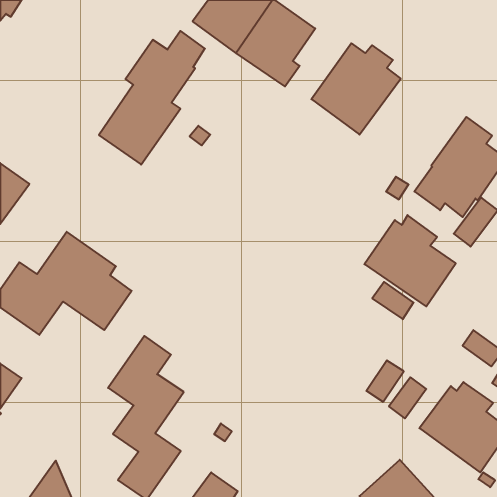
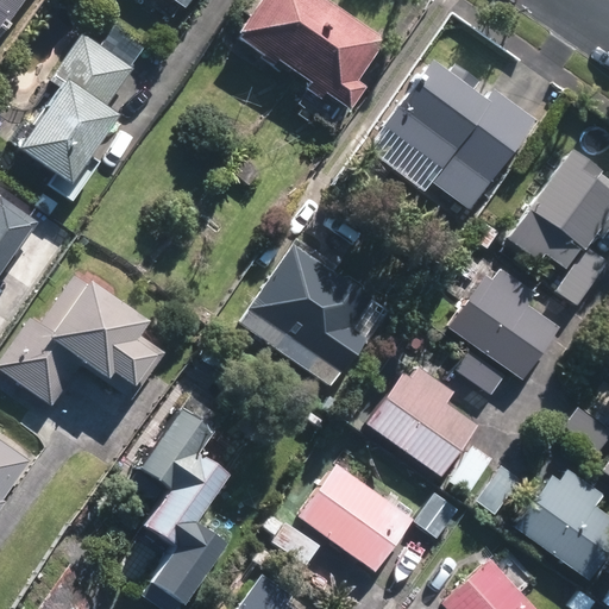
building: [99,31,205,165] -> [18,21,146,183]
building: none -> [432,92,538,212]
building: none -> [239,243,370,384]
building: none -> [366,364,477,475]
building: none -> [297,467,414,578]

